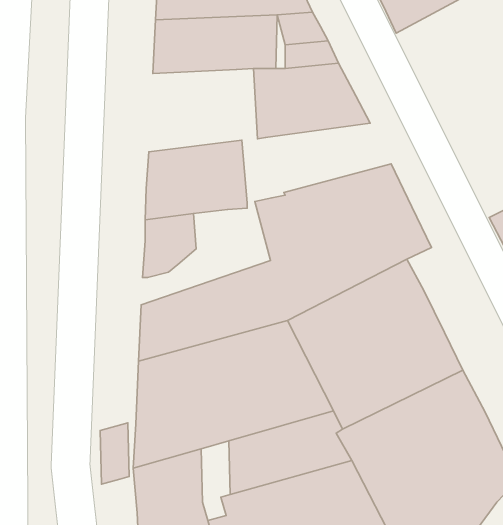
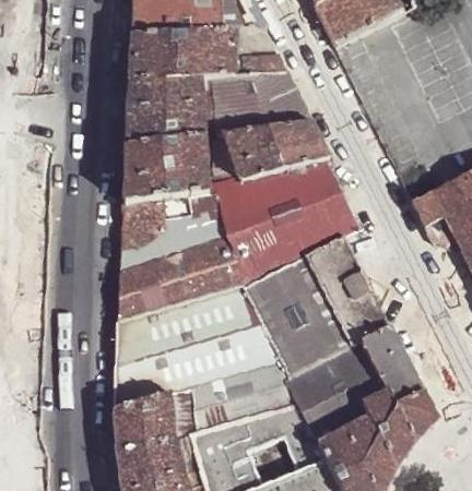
building: none -> [128,77,205,146]
building: none -> [225,122,330,184]
building: none -> [152,188,229,261]
building: [100,423,129,484] -> [172,387,196,439]

